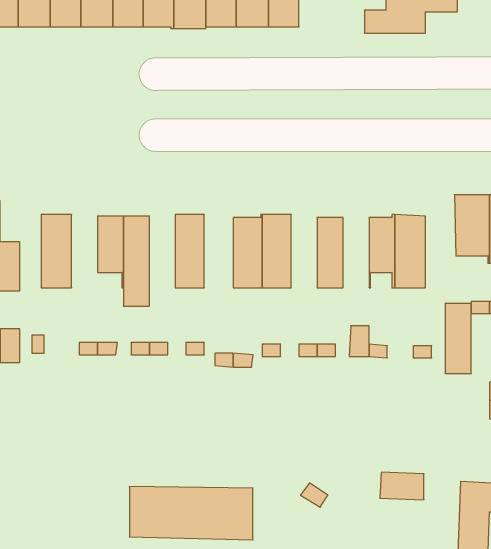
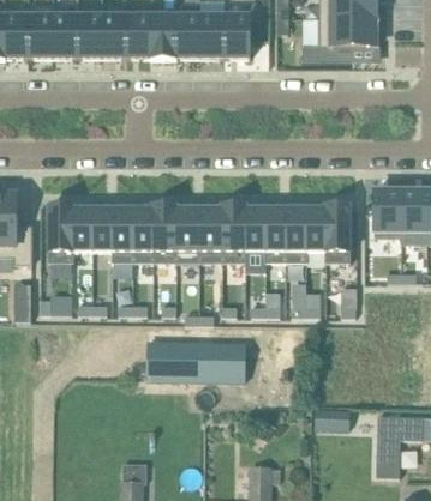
building: none -> [72,205,92,262]
building: none -> [133,205,154,262]
building: none -> [176,205,199,262]
building: none -> [245,205,265,262]
building: [445,303,471,374] -> [286,207,306,262]
building: [129,487,253,540] -> [146,338,244,380]

